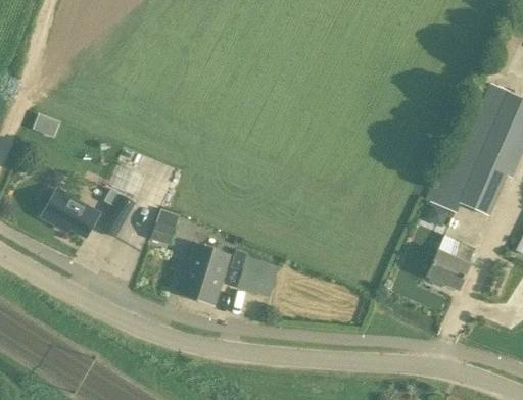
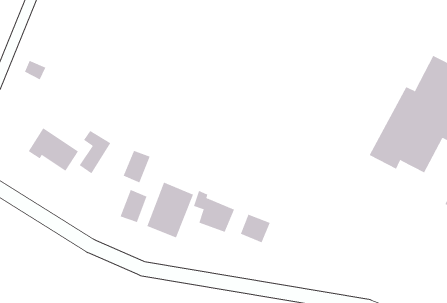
building: [427,236,475,290] -> none
building: none -> [120,189,147,223]
building: none -> [240,214,270,243]

